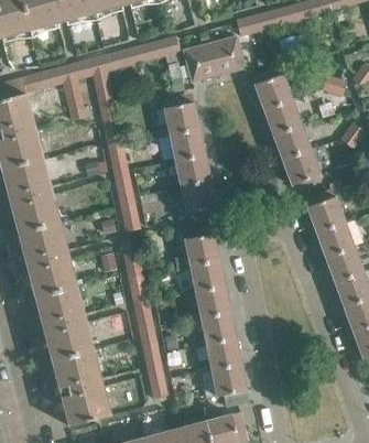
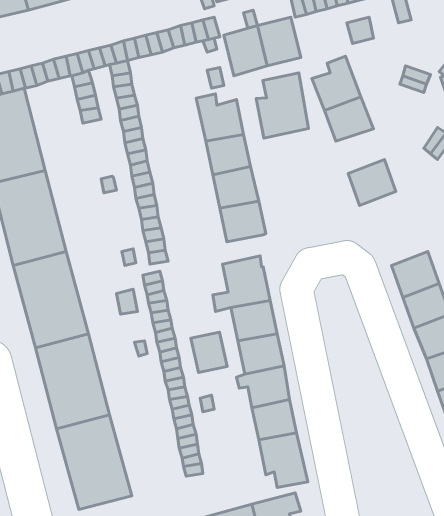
building: none -> [256,73,308,138]
building: [272,125,311,160] -> none
building: [303,187,345,233] -> none
building: none -> [191,332,227,373]

